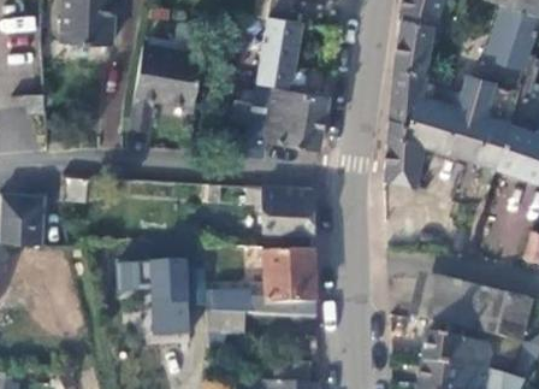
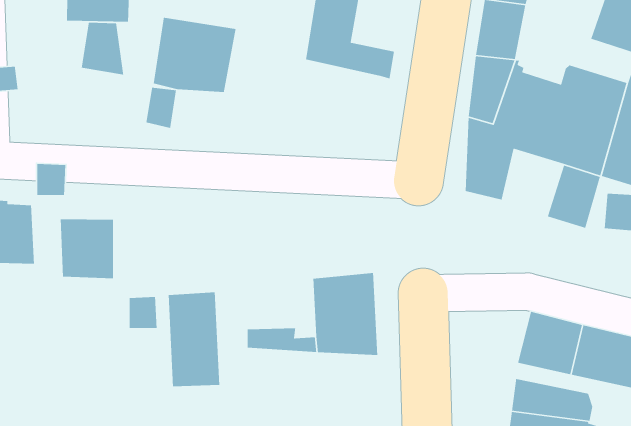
building: none -> [81,22,124,76]
building: [221,75,316,151] -> none
building: [265,184,314,235] -> none
building: none -> [60,218,114,279]

